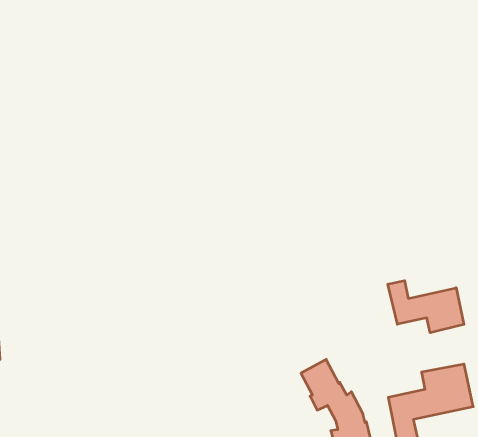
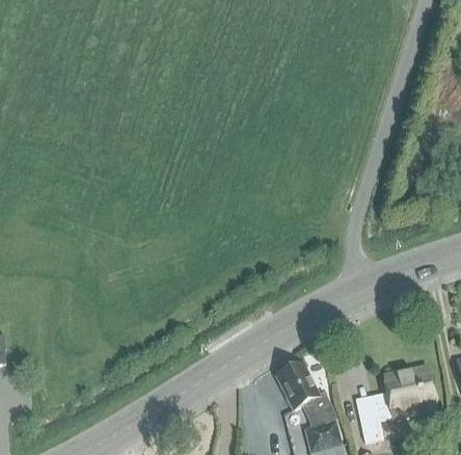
building: [388,281,464,333] -> none

